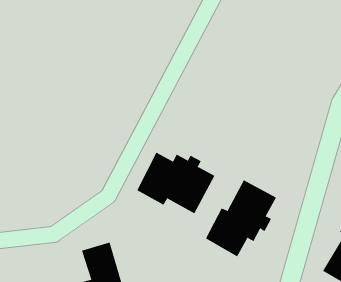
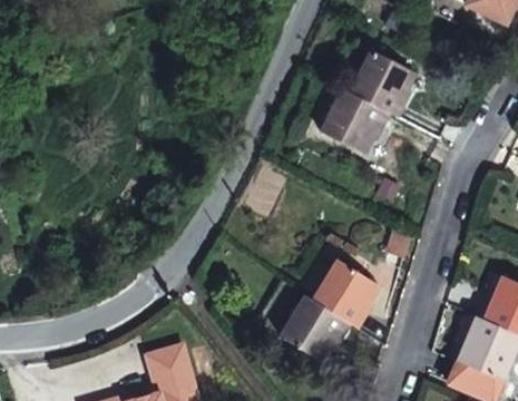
building: none -> [324,46,420,145]
building: [136,152,215,214] -> none

